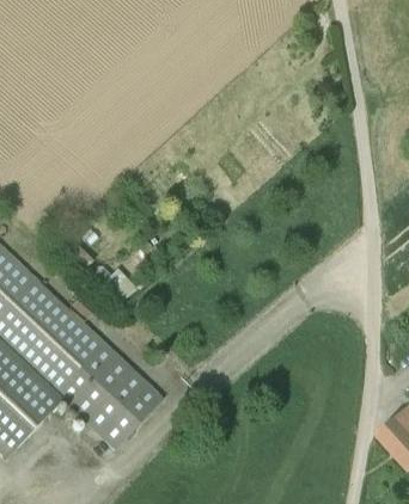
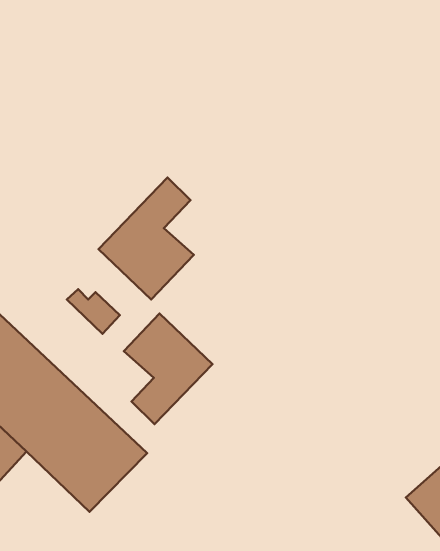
building: none -> [98,178,194,300]
building: none -> [124,313,212,424]

